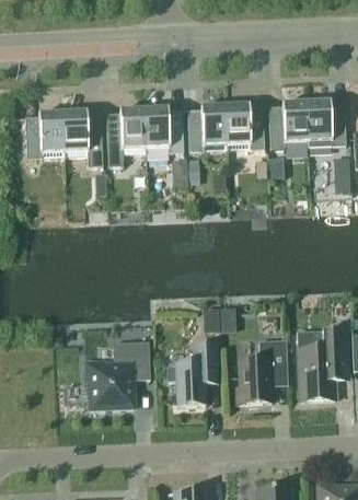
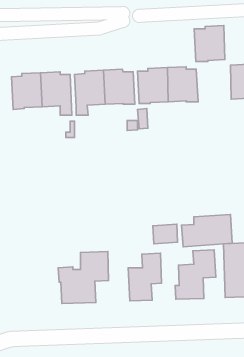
building: [267,102,307,148] -> [194,26,225,61]
building: none -> [182,214,232,247]

